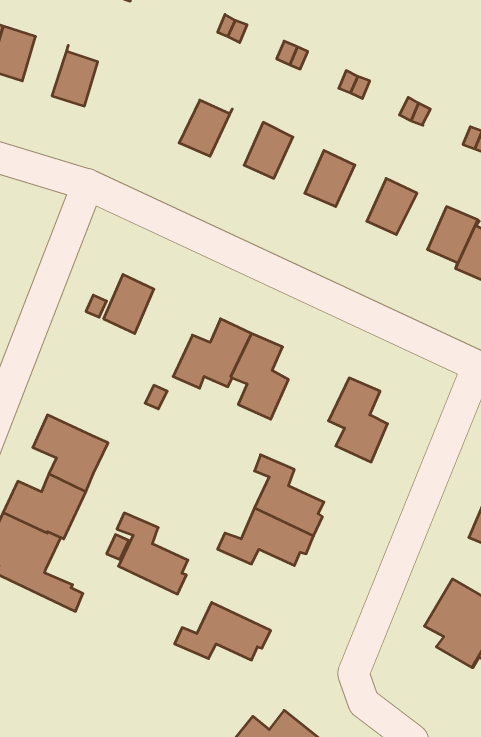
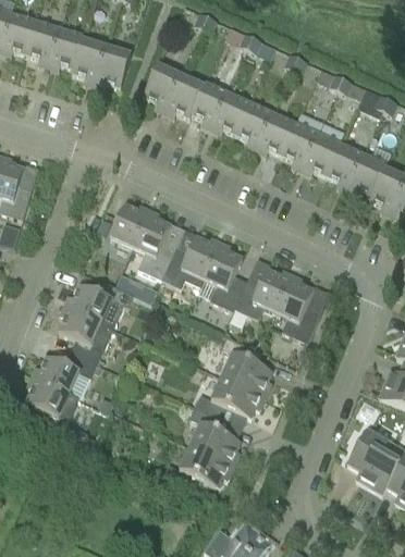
building: none -> [50,28,84,72]
building: none -> [96,47,131,87]
building: none -> [143,64,181,107]
building: none -> [188,82,228,123]
building: none -> [235,102,272,144]
building: none -> [281,123,318,164]
building: none -> [326,144,363,185]
building: none -> [133,214,175,278]
building: none -> [234,269,291,319]
building: none -> [69,277,134,327]
building: [117,513,188,594] -> [188,406,241,466]

